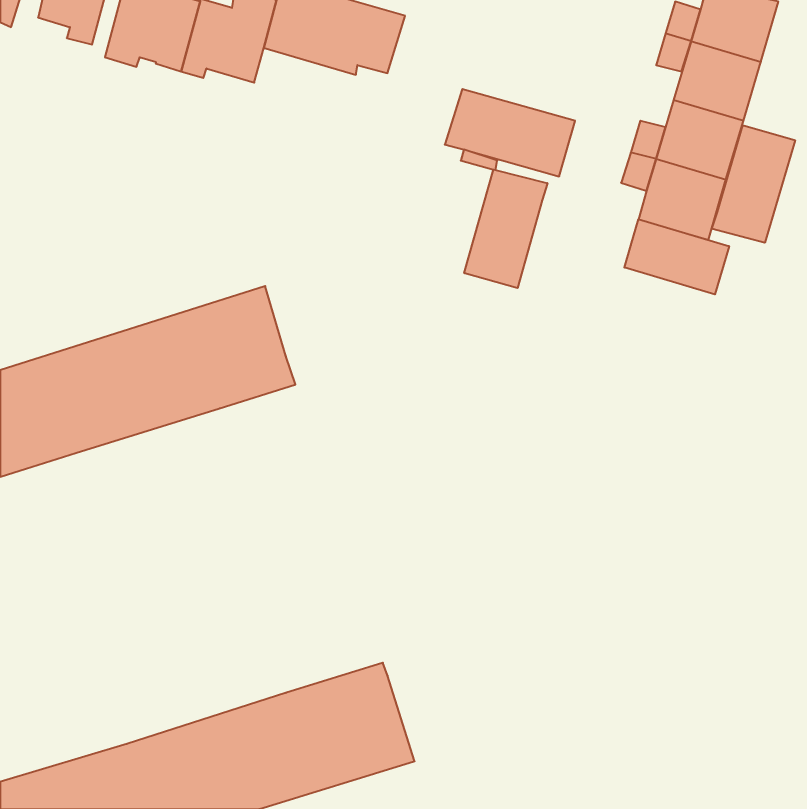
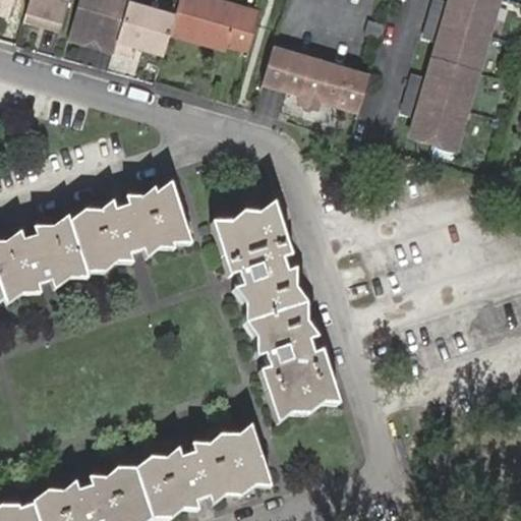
building: none -> [264,49,299,93]
building: [712,125,795,243] -> none
building: [464,170,547,288] -> none
building: [624,219,729,294] -> none
building: none -> [211,201,338,425]

